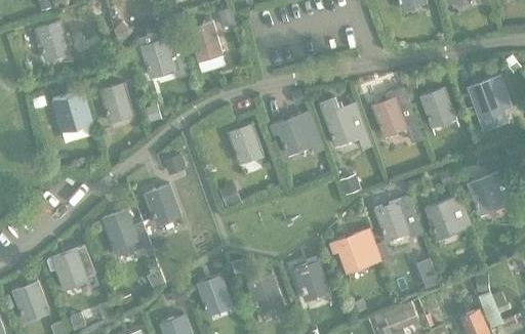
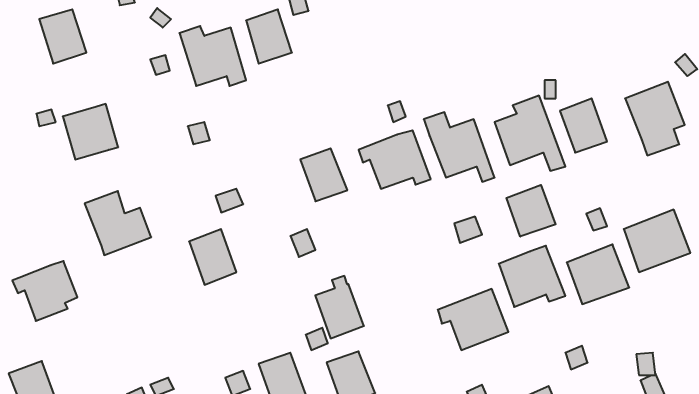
building: [98,84,132,123] -> none
building: none -> [506,185,556,237]
building: [102,210,151,257] -> [85,191,151,255]
building: [46,247,94,291] -> [12,261,77,321]
building: [293,255,329,301] -> [315,276,364,338]

